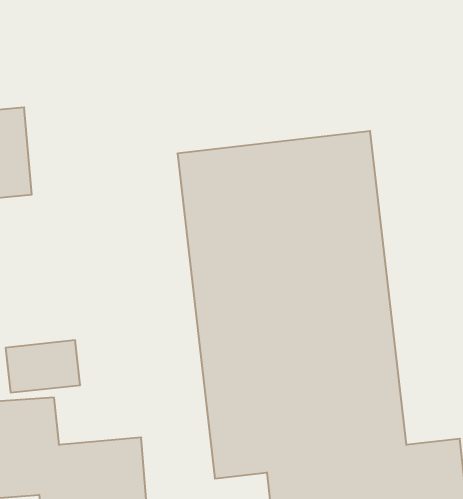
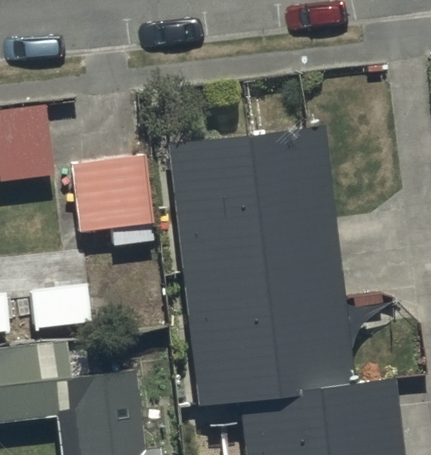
building: none -> [73,155,154,247]

